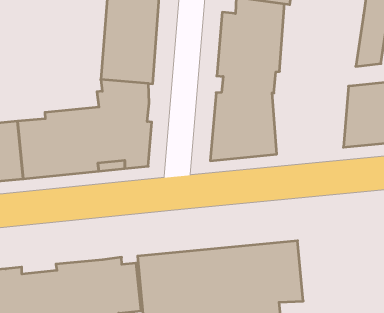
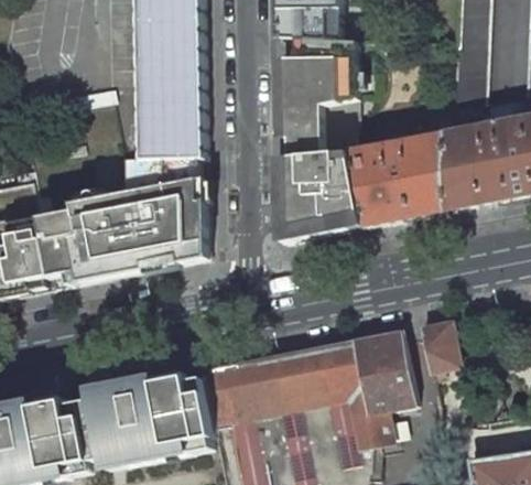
building: none -> [351,132,446,225]
building: none -> [421,320,458,368]

